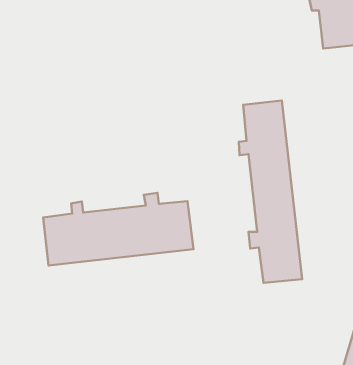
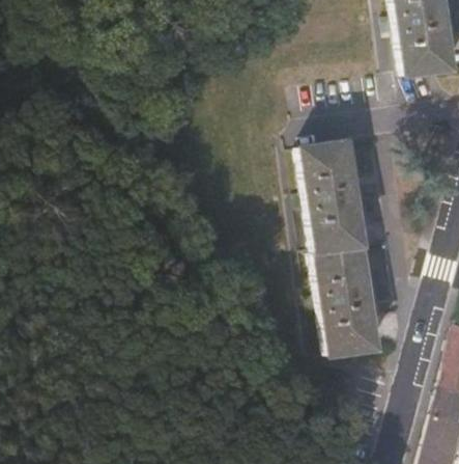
building: [43,193,194,265] -> none

